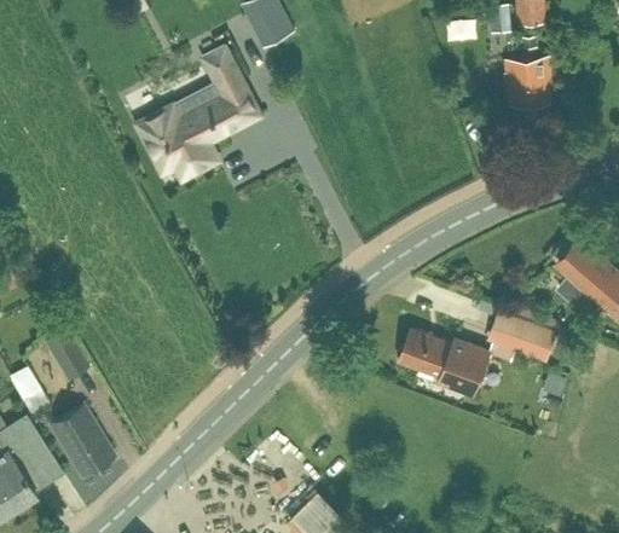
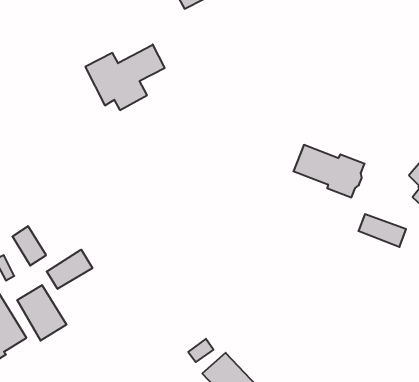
building: [505,44,550,104] -> none
building: [206,47,260,123] -> none
building: [398,326,490,394] -> [293,145,365,197]
building: none -> [47,250,92,289]

